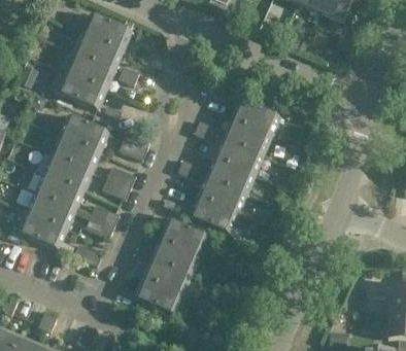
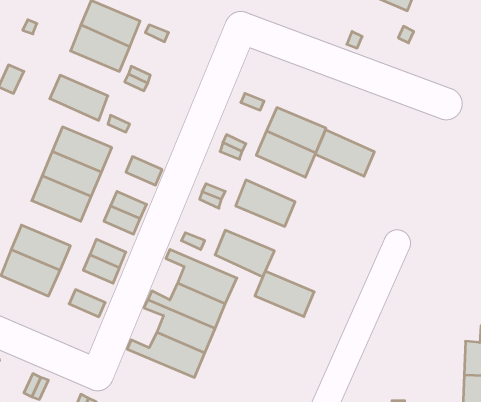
building: [64,52,111,89] -> none
building: [212,136,260,173] -> [315,130,374,176]
building: [33,172,80,208] -> none
building: [196,176,243,212] -> [255,271,314,317]

